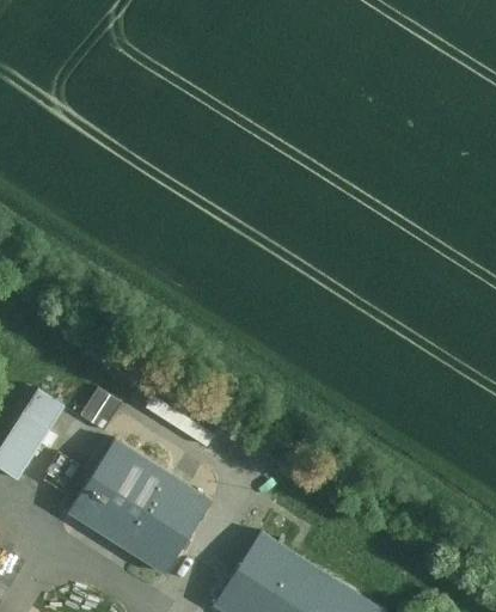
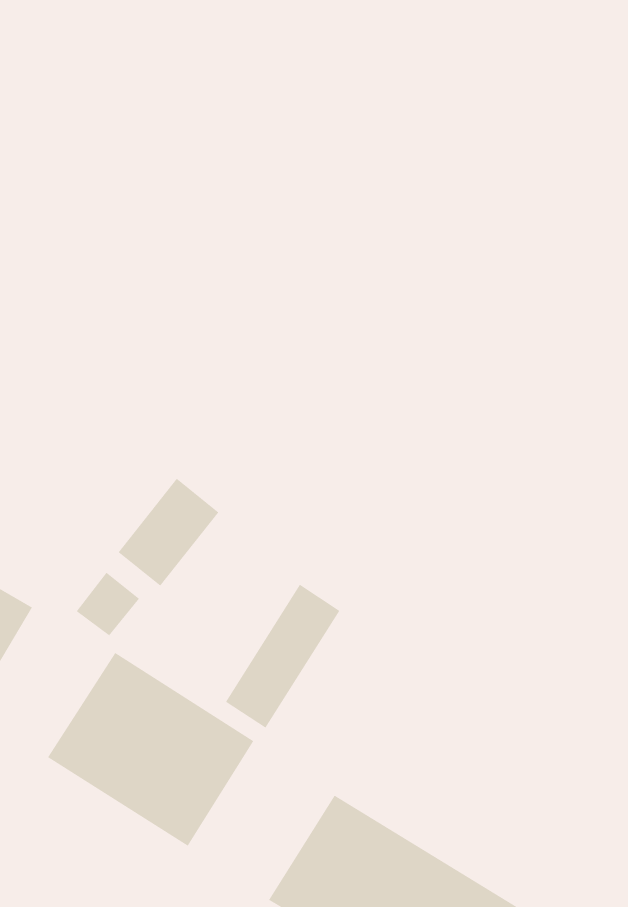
building: none -> [118,478,219,587]
building: none -> [225,584,340,729]

